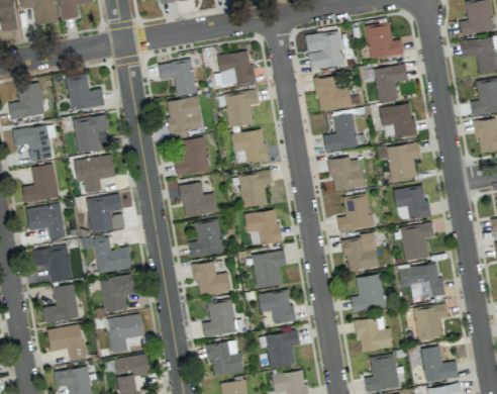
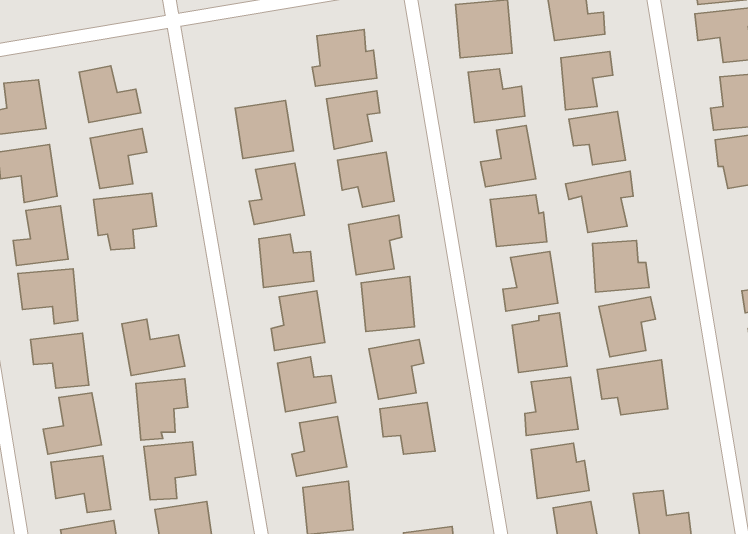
building: [159,60,195,95] -> none
building: [87,194,125,232] -> none
building: [414,304,449,339] -> none
building: [266,330,300,369] -> none

